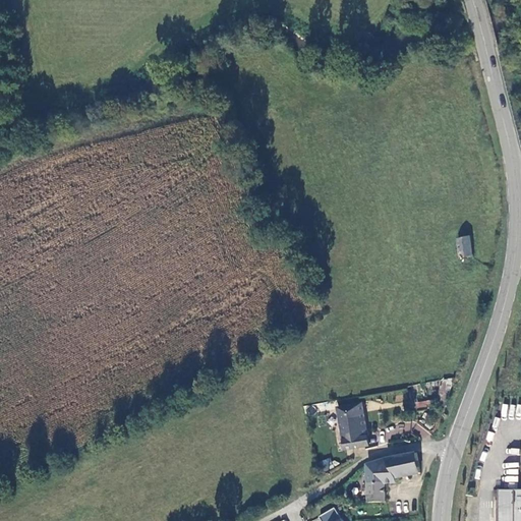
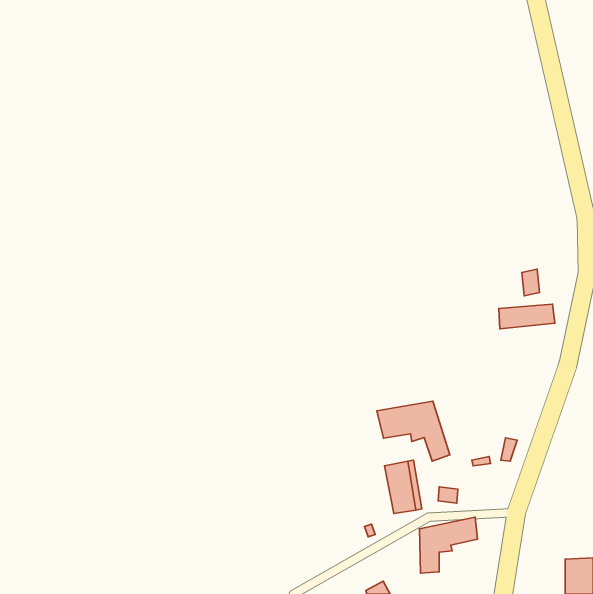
building: none -> [499,304,555,329]
building: none -> [377,401,450,461]

